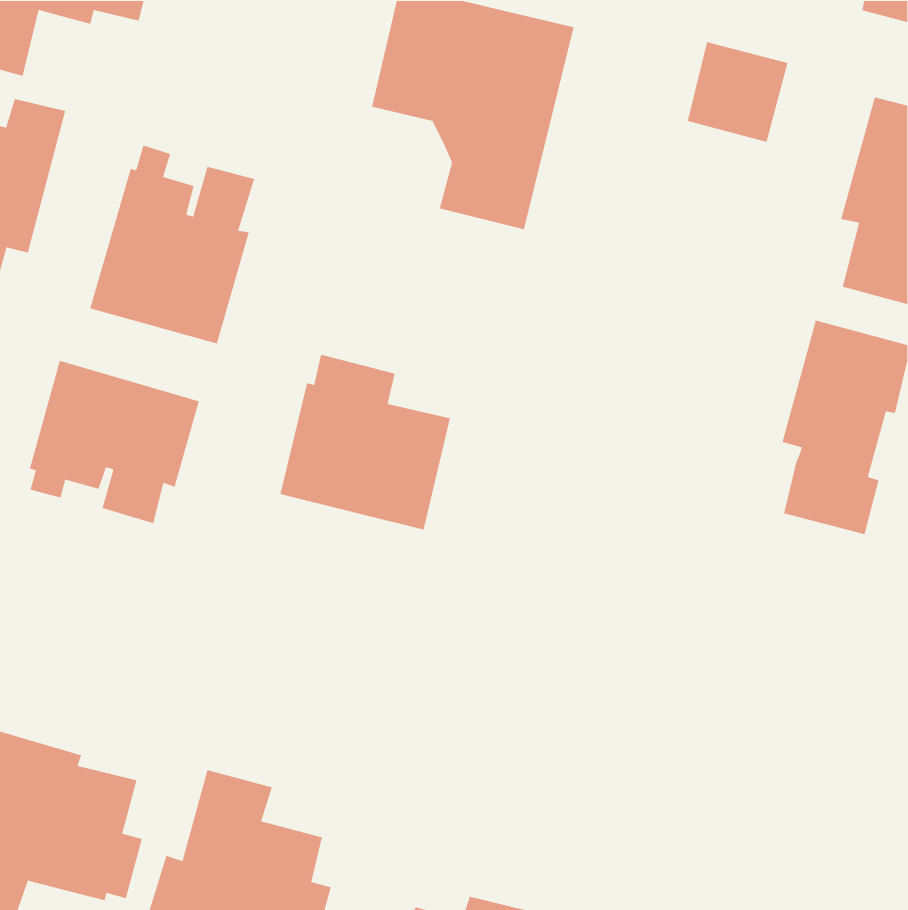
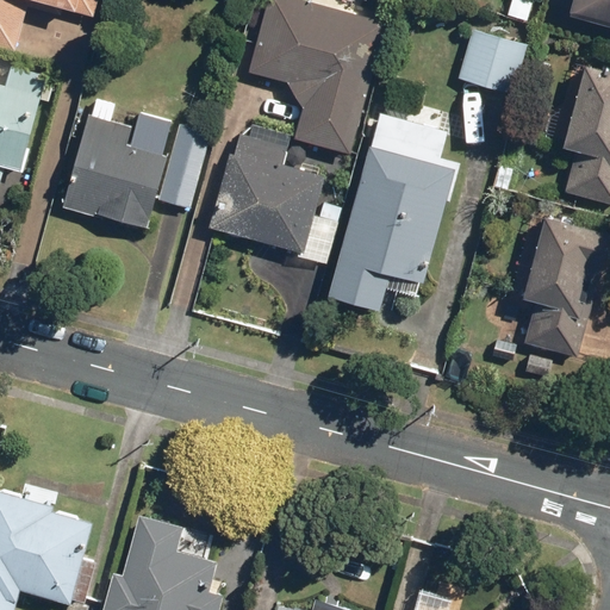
building: none -> [328,113,460,310]
building: none -> [156,124,211,210]
building: [280,354,451,530] -> [210,133,324,251]
building: [29,360,200,524] -> none

